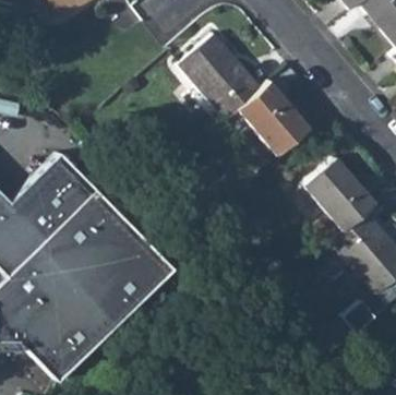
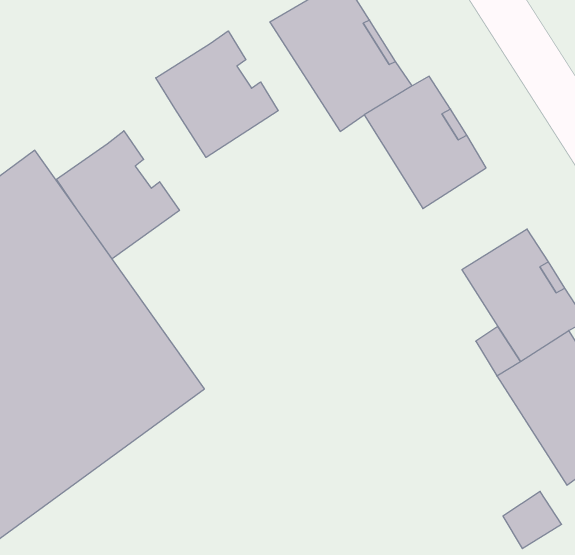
building: none -> [156,31,278,157]
building: none -> [56,131,179,259]

